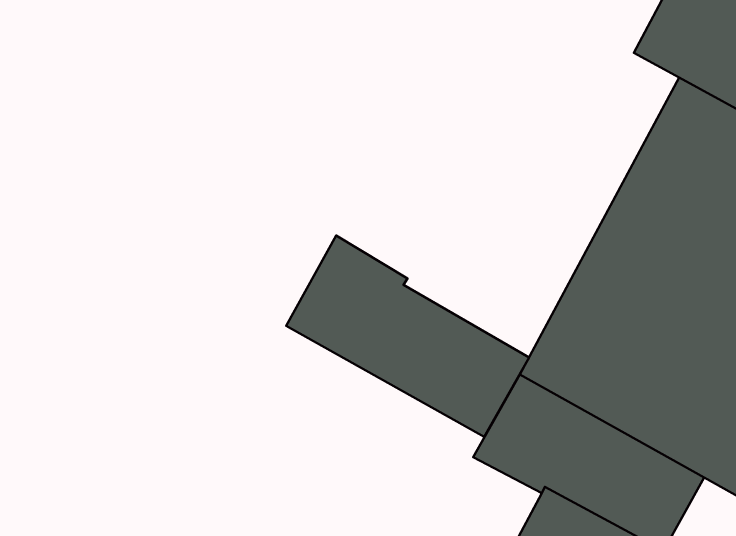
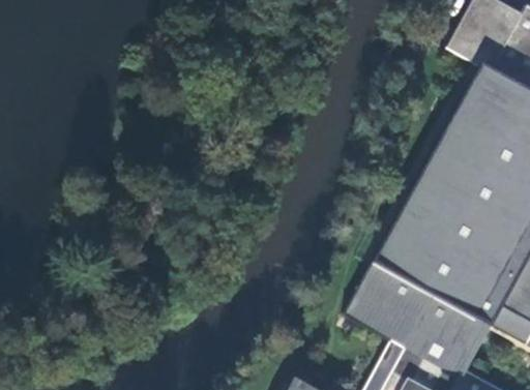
building: [286,236,529,437] -> none

